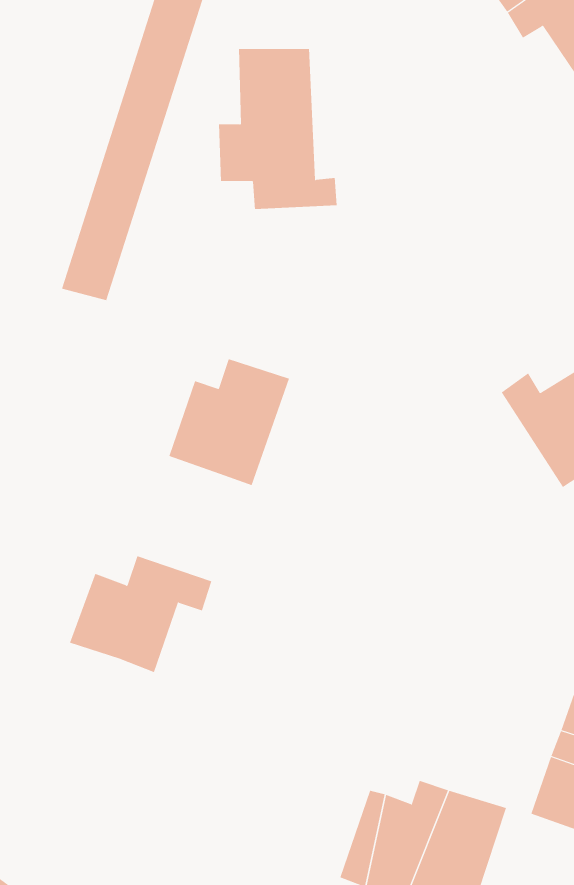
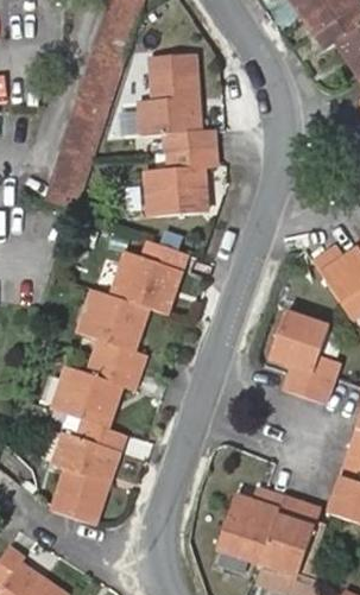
building: none -> [146,147,216,213]
building: none -> [81,291,147,372]
building: none -> [270,310,342,401]
building: none -> [55,418,125,523]

